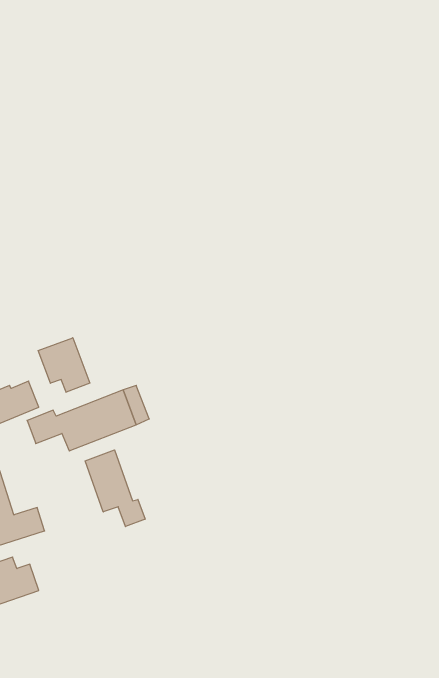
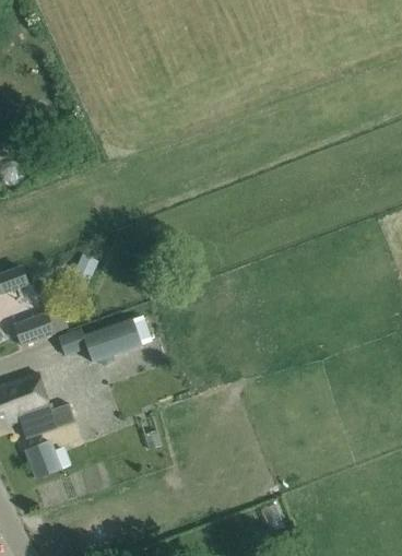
building: [38,338,90,392] -> none
building: [85,450,145,527] -> none

